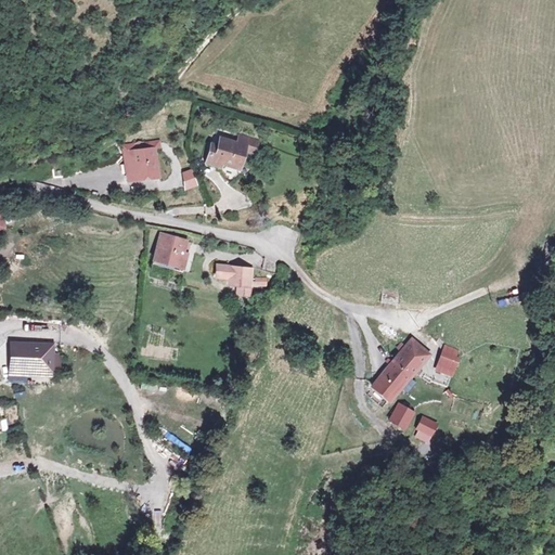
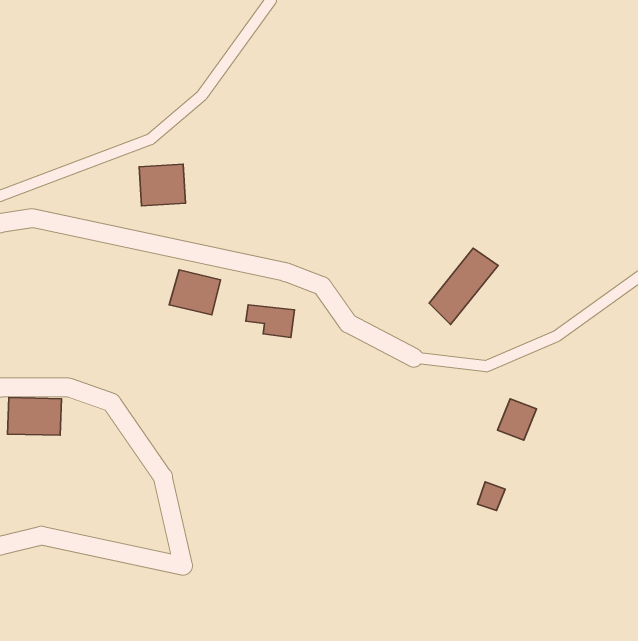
building: [204,134,260,171] -> none
building: [372,337,431,403] -> [429,248,498,325]
building: [389,403,418,433] -> none

